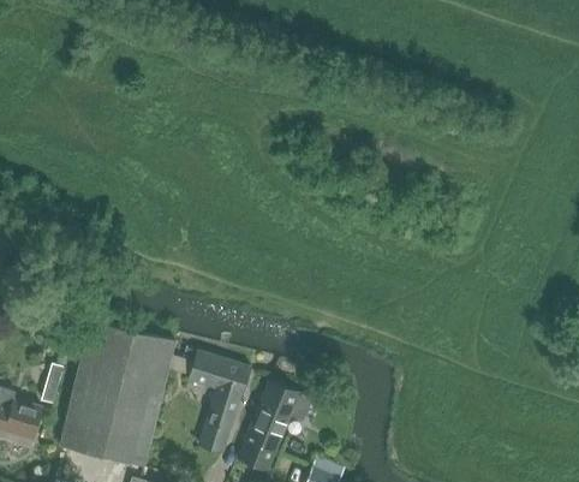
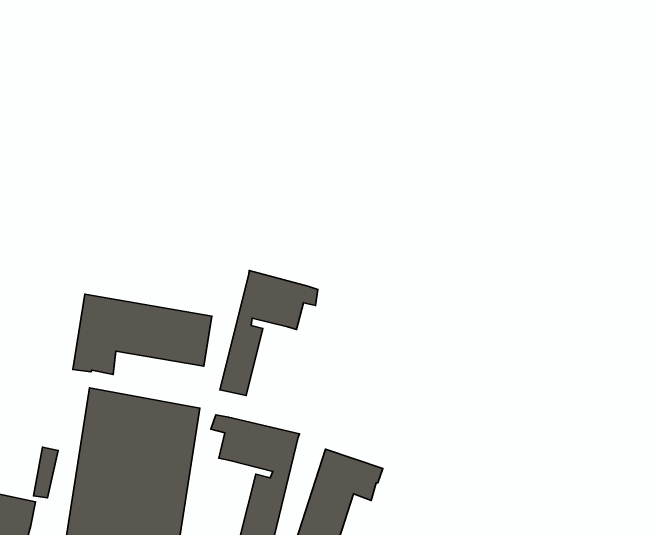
building: none -> [220,271,318,395]
building: none -> [73,294,212,375]

